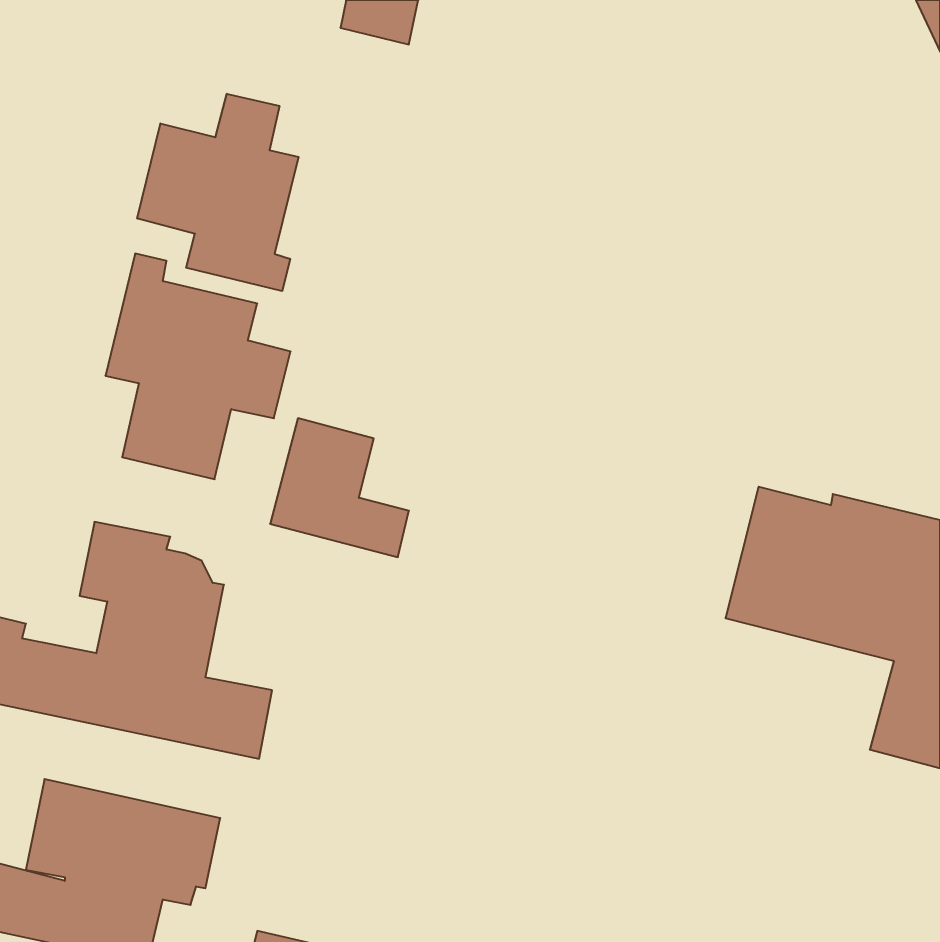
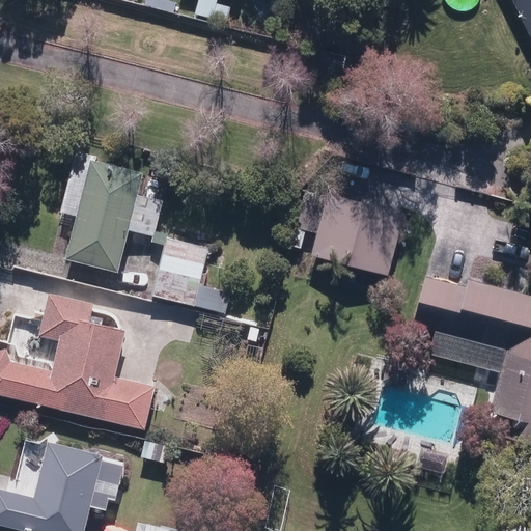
building: [137,94,299,291] -> none
building: none -> [313,192,404,274]

